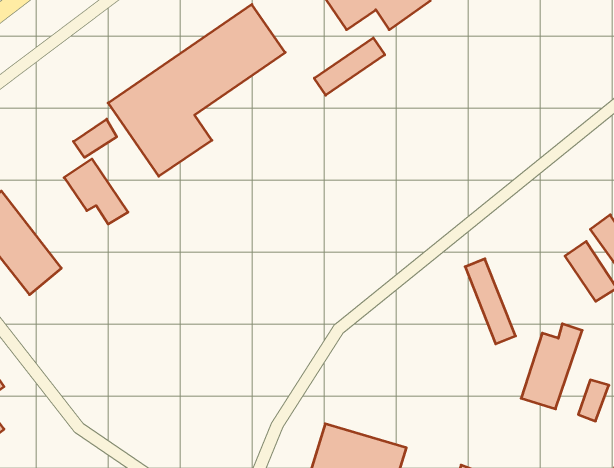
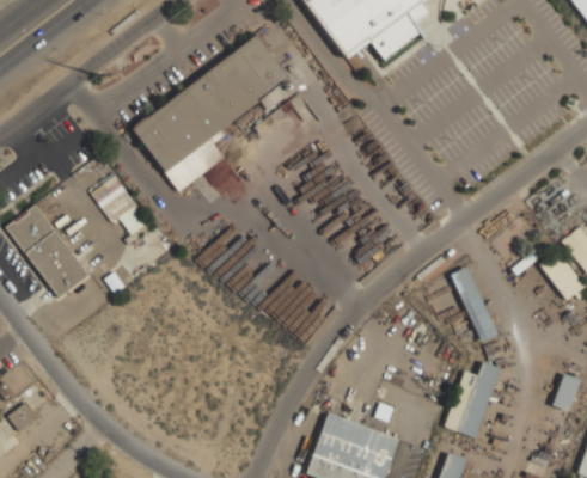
building: [314,38,385,95] -> none
building: [73,119,117,157] -> none
building: [521,324,582,409] -> [445,361,500,437]

